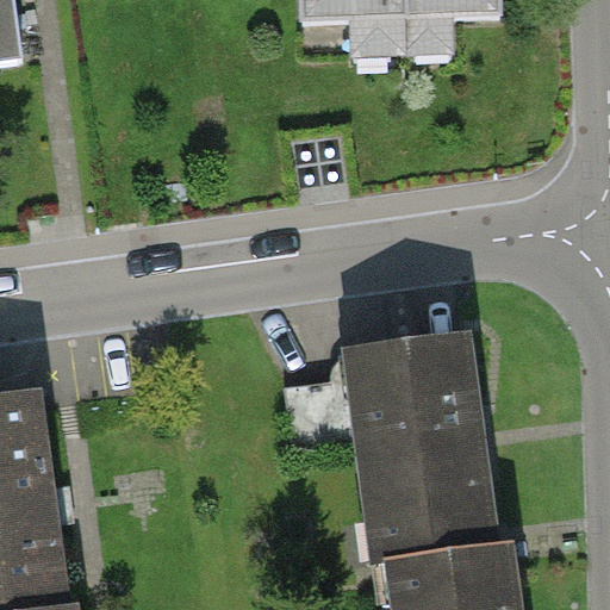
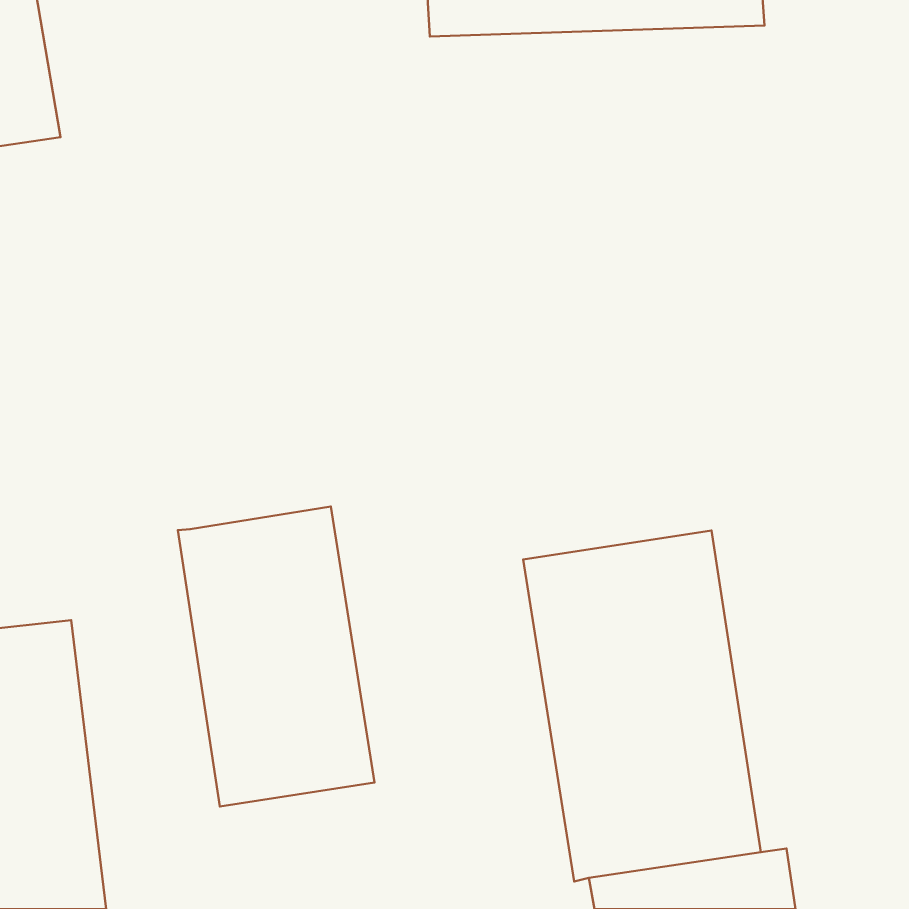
building: none -> [178,506,374,807]

